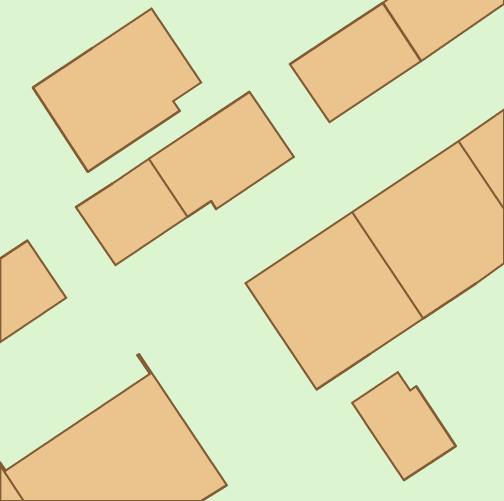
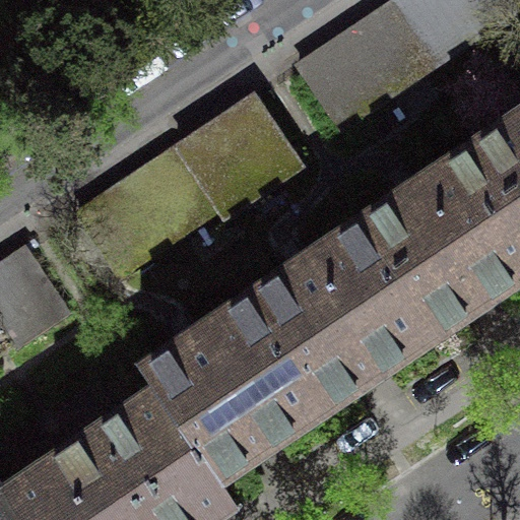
building: [33,9,201,172] -> none
building: none -> [143,291,326,500]
building: [352,372,456,480] -> none

